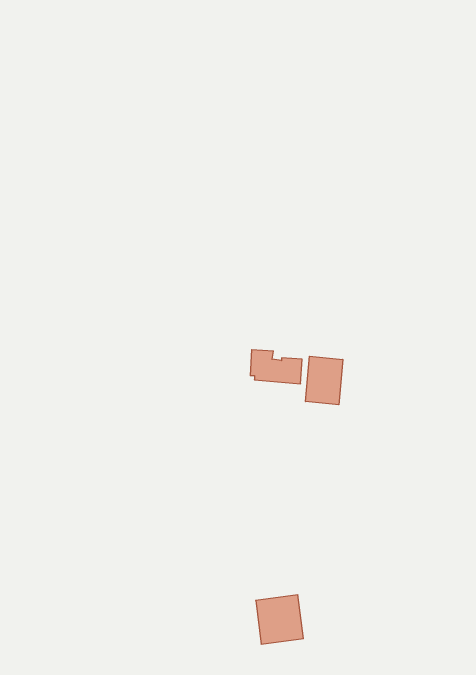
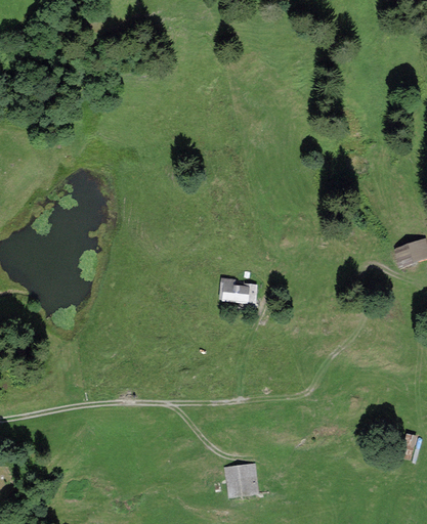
building: [306,356,343,405] -> none

